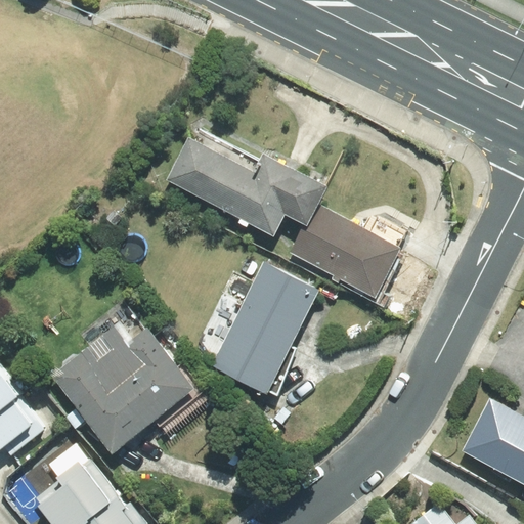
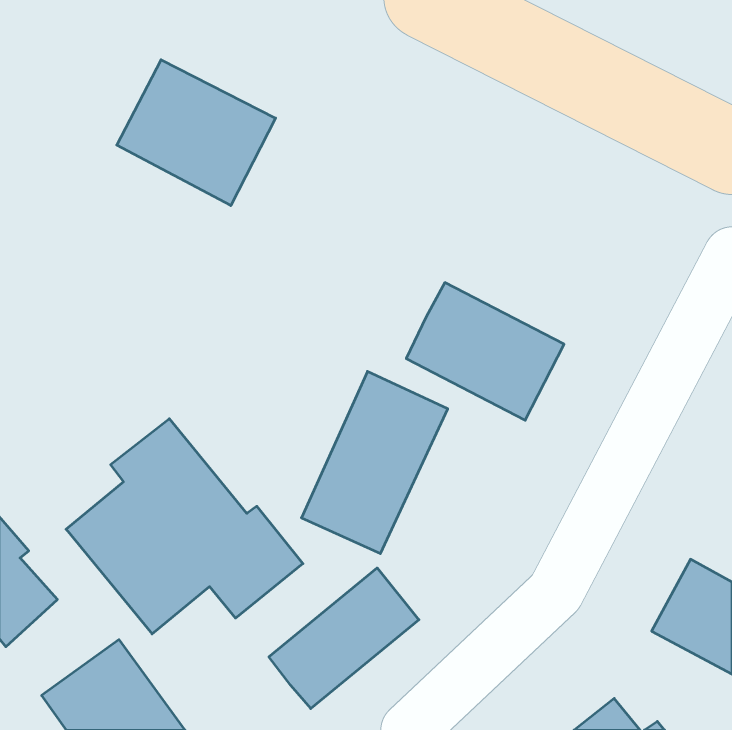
building: none -> [117,60,276,206]
building: [165,139,326,236] -> none
building: none -> [269,568,419,709]

